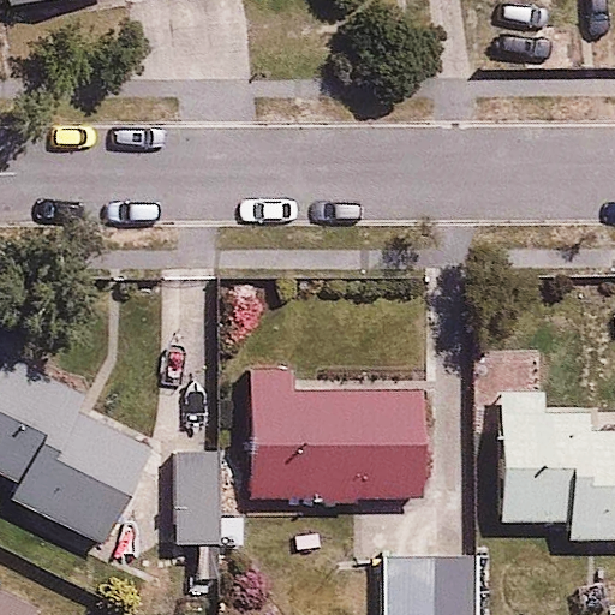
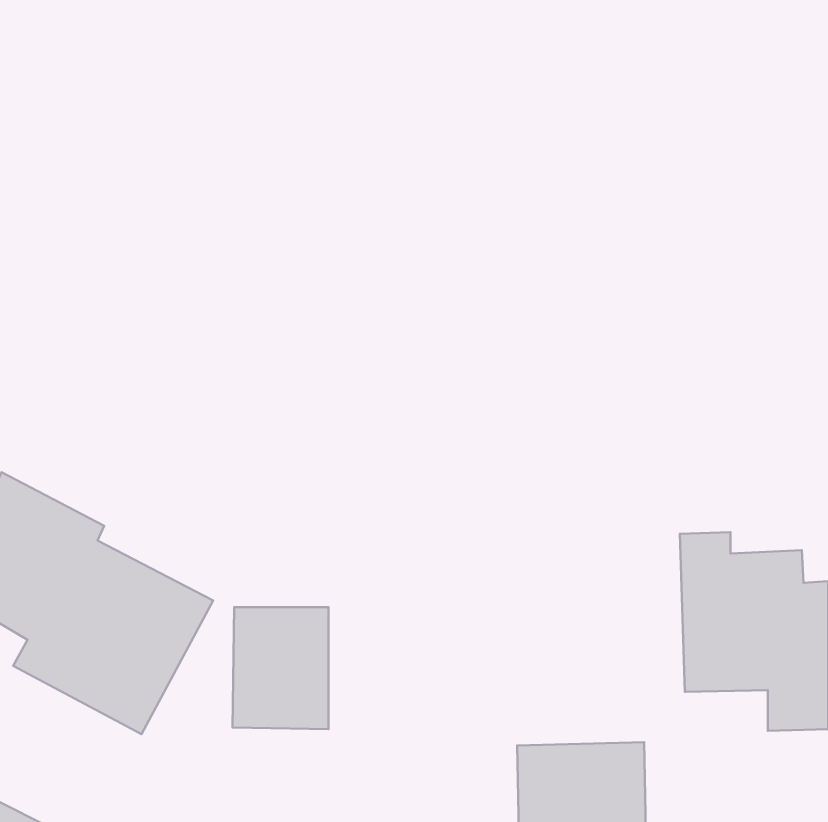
building: [251,378,425,503] -> none

